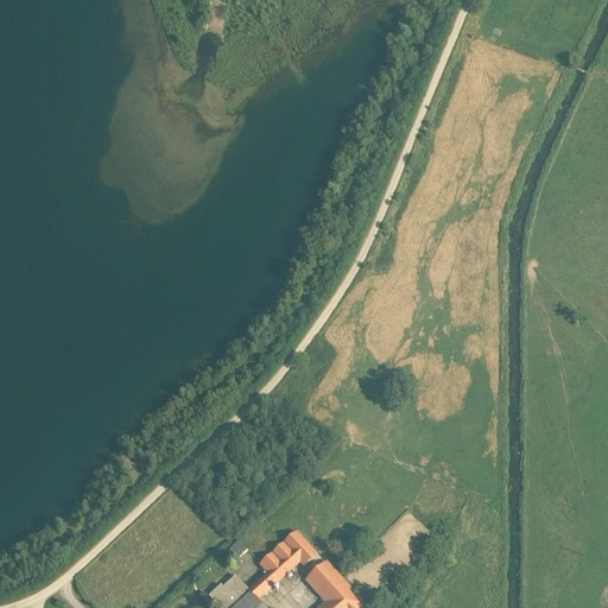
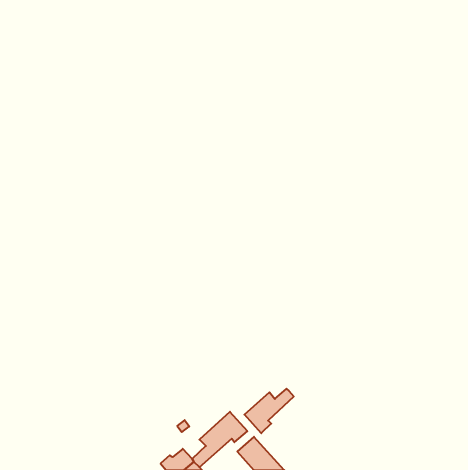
building: none -> [244,389,294,433]

